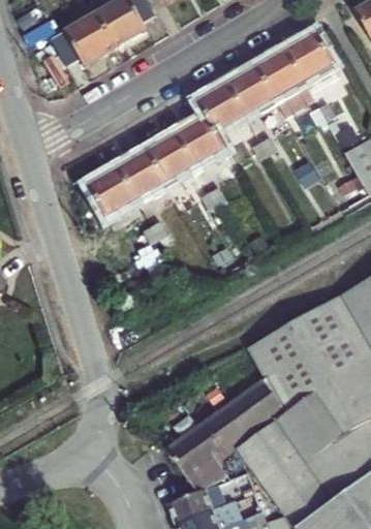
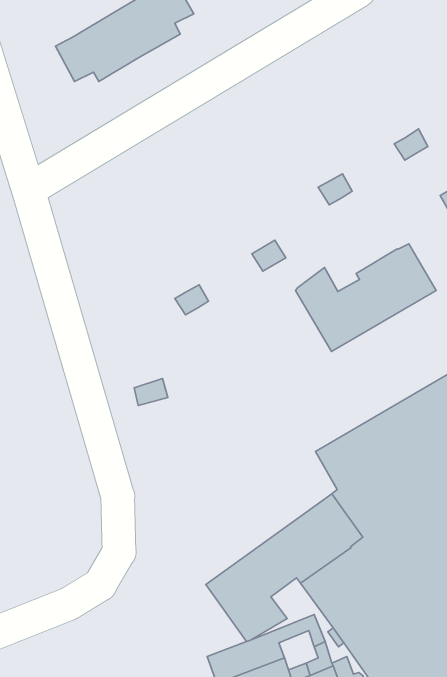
building: [89,32,338,215] -> none
building: none -> [296,244,436,352]

